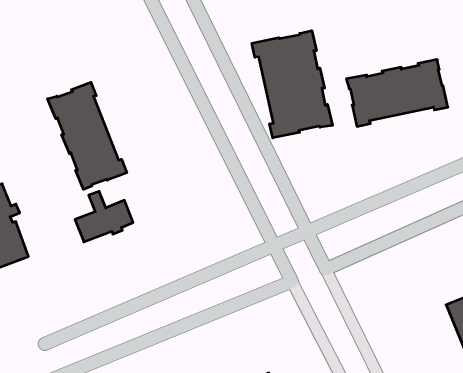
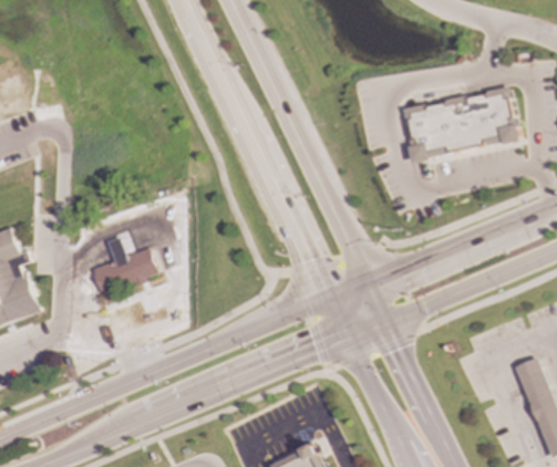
building: [252,31,333,138] -> none
building: [48,82,127,189] -> none

